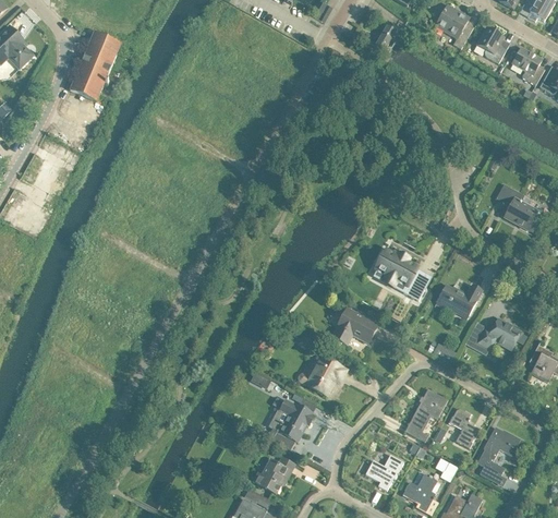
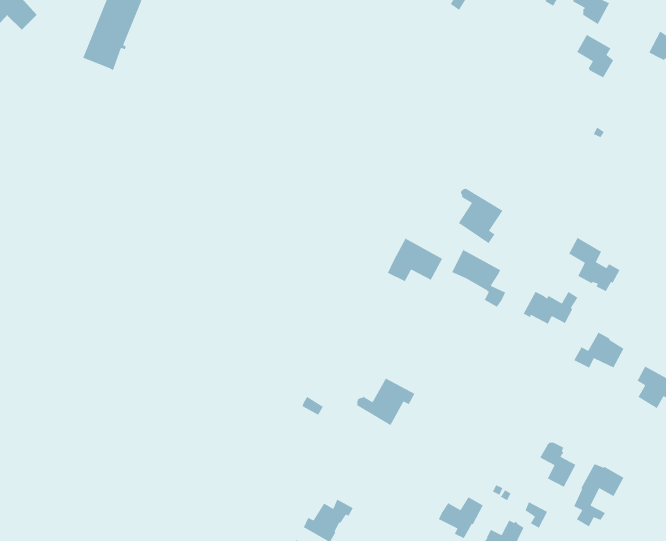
building: [512,47,544,84] -> [576,34,614,79]
building: [496,183,539,229] -> [568,237,621,292]
building: none -> [458,188,503,244]
building: [331,306,378,344] -> [387,238,443,282]
building: [404,388,448,441] -> none
building: [267,399,314,449] -> none

